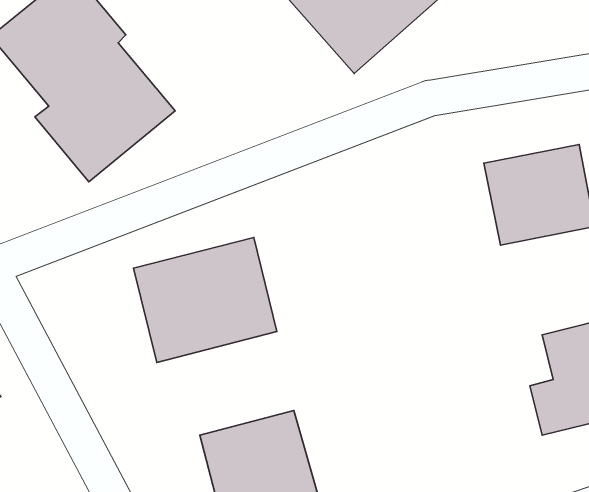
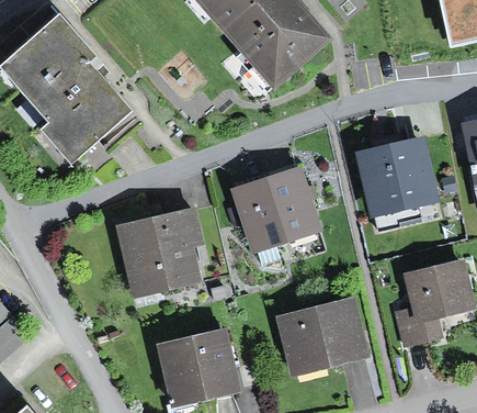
building: none -> [231,172,315,255]
building: none -> [276,300,367,375]

